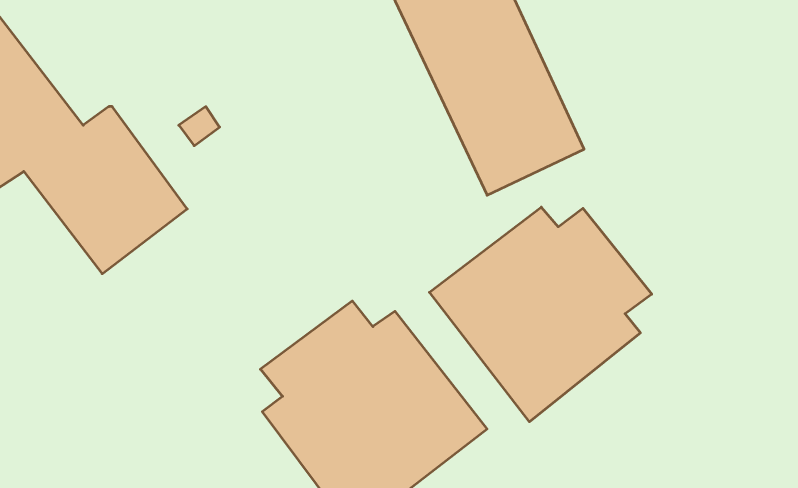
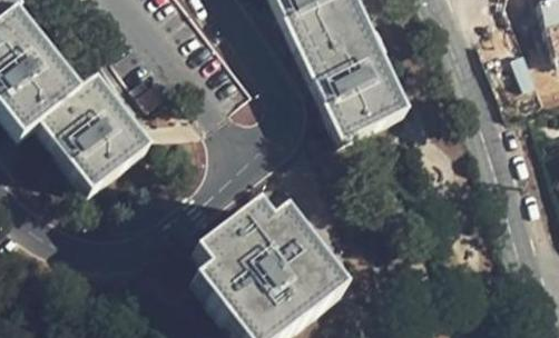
building: [429,207,652,422] -> none

